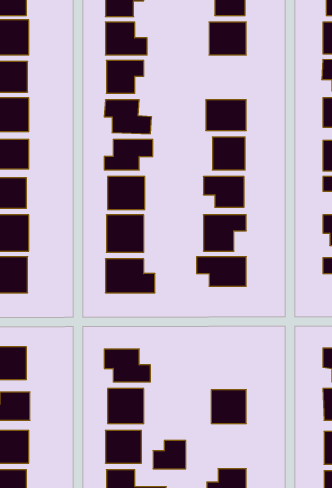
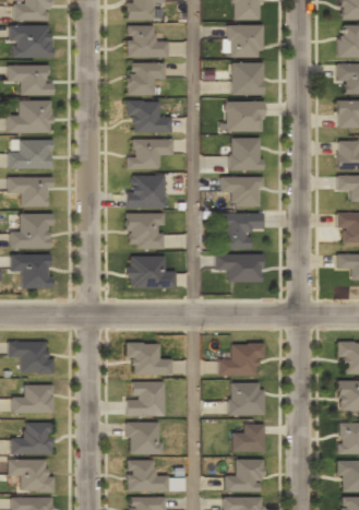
building: none -> [231,63,263,95]
building: none -> [218,344,261,375]
building: [153,441,186,469] -> [232,424,264,451]

